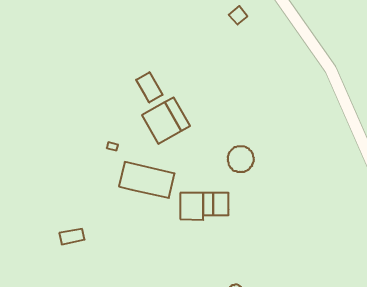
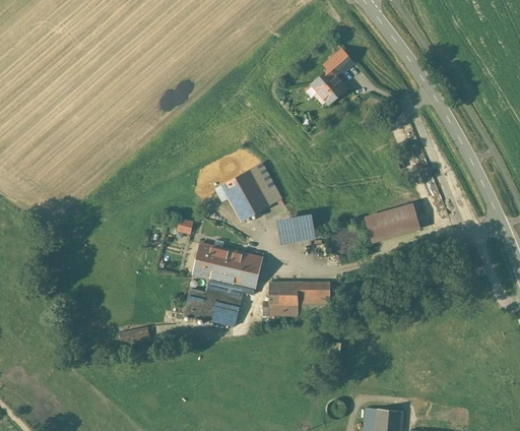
building: none -> [312,69,343,103]
building: [136,72,163,103] -> none
building: none -> [365,204,419,242]
building: none -> [278,218,314,244]
building: none -> [184,279,255,326]

